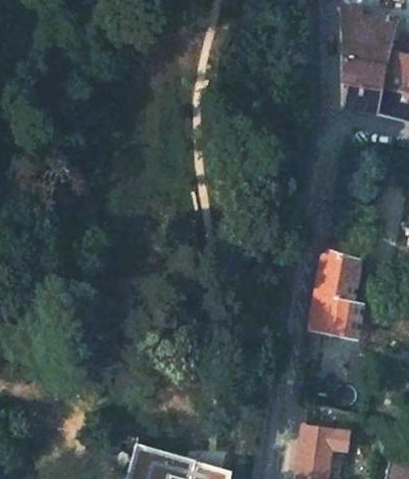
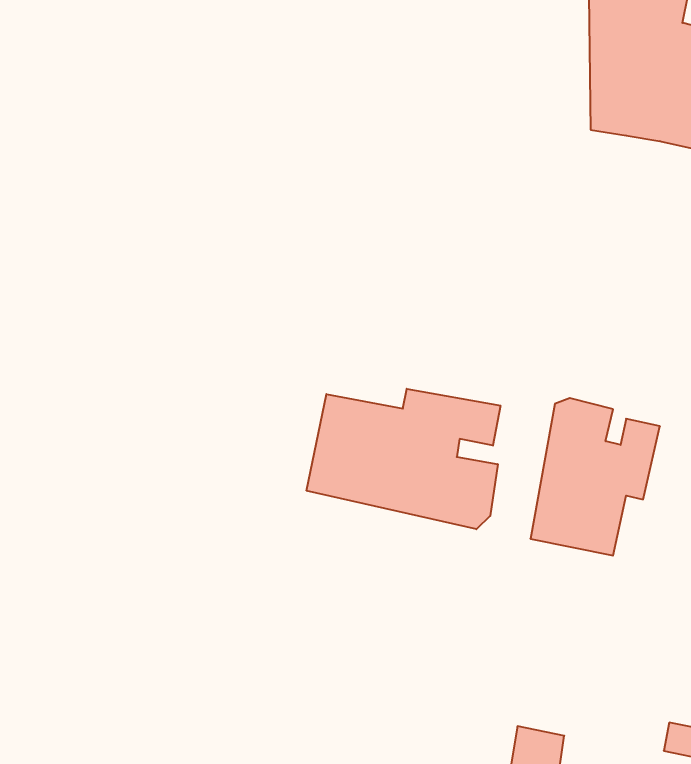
building: none -> [307,389,500,529]

